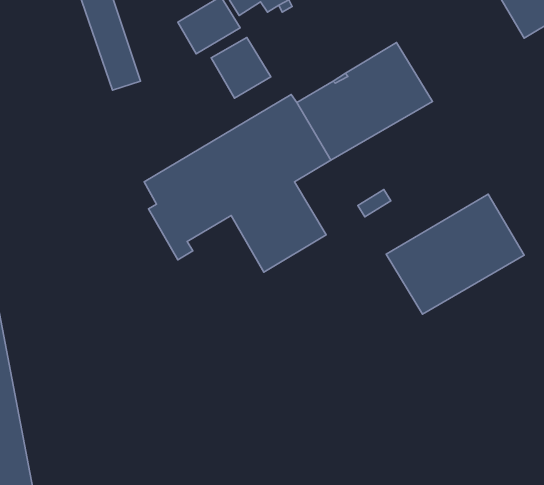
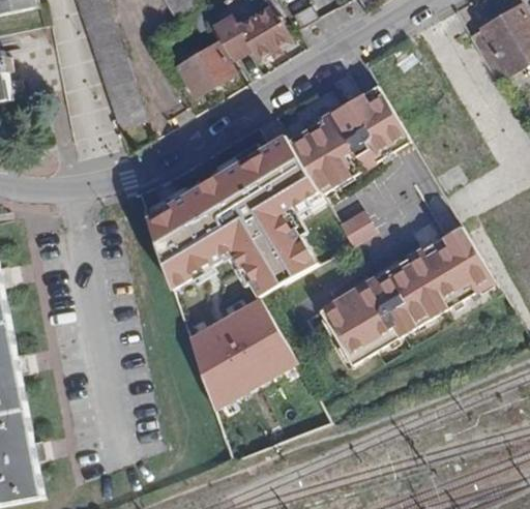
building: [211,37,271,98] -> none
building: none -> [316,278,401,363]
building: none -> [187,299,296,411]

